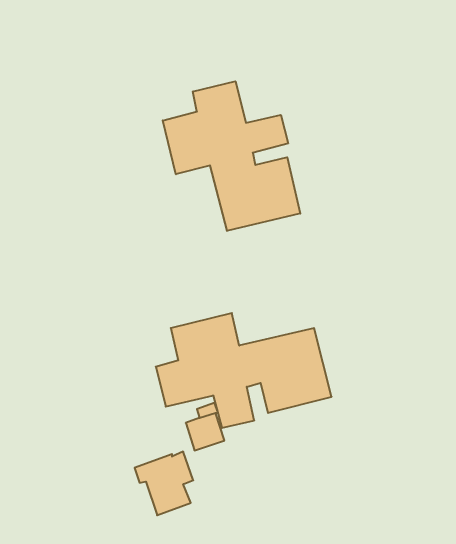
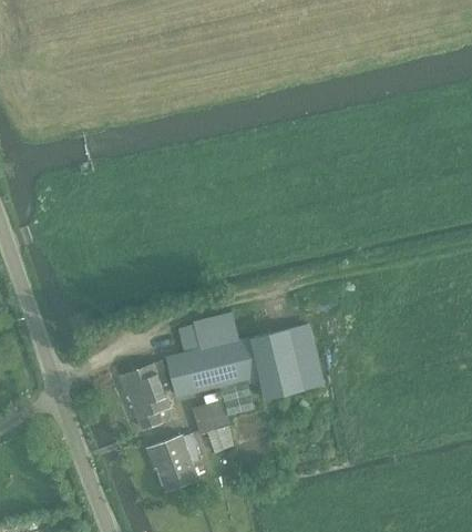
building: [163,81,300,231] -> none
building: none -> [120,361,170,428]

